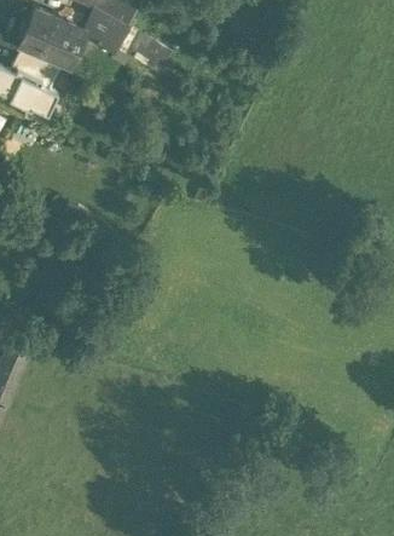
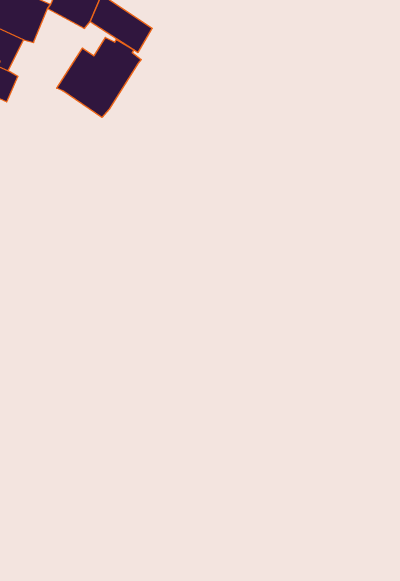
building: none -> [57,37,141,117]

